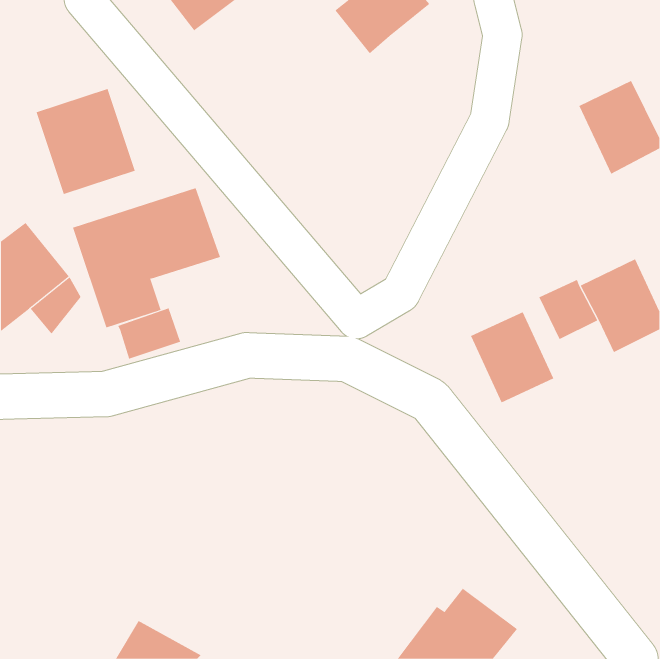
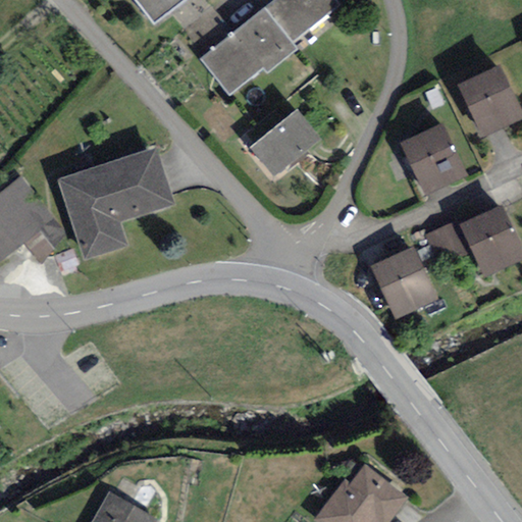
building: none -> [200,8,297,96]
building: [36,88,135,195] -> none
building: none -> [251,111,319,176]
building: none -> [400,122,468,197]
building: [117,308,181,360] -> none

